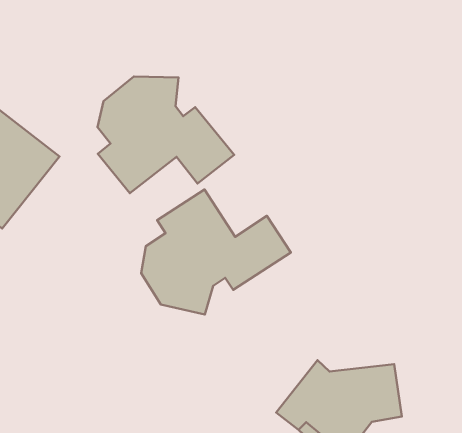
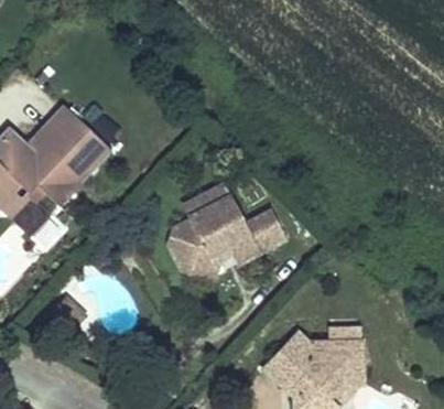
building: [97,77,234,193] -> none

